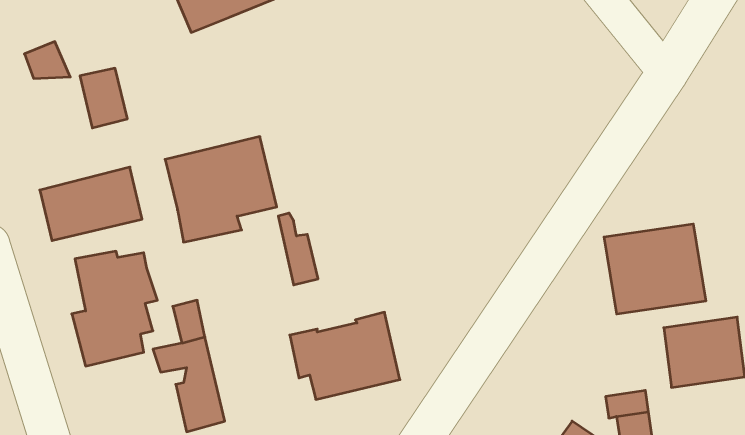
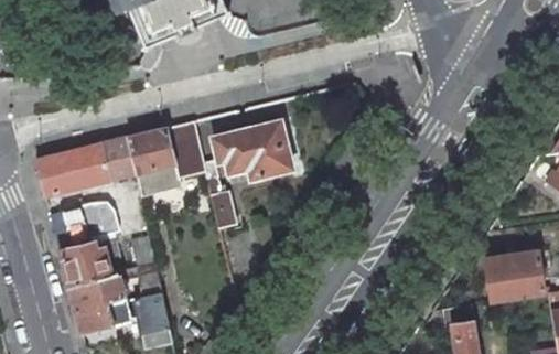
building: [80,68,127,128] -> [99,138,133,181]
building: [604,224,706,314] -> none
building: [290,312,400,399] -> [211,120,290,183]
building: none -> [67,275,128,332]

